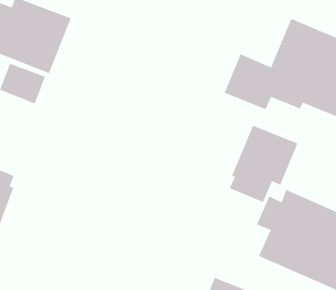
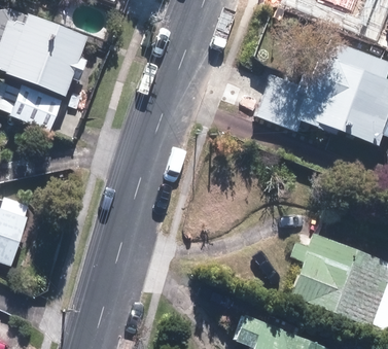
building: [229,125,298,203] -> none

